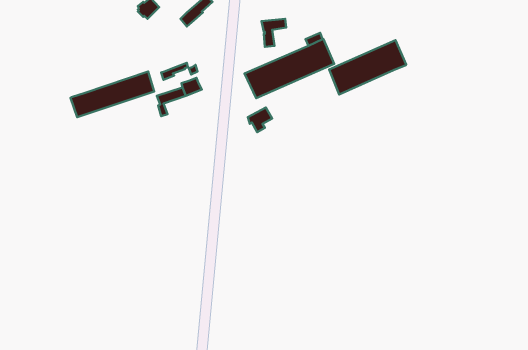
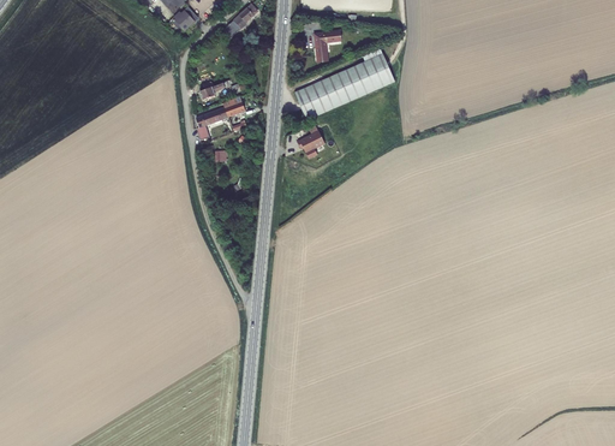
building: [329,40,406,94] -> none
building: [71,71,154,117] -> none

